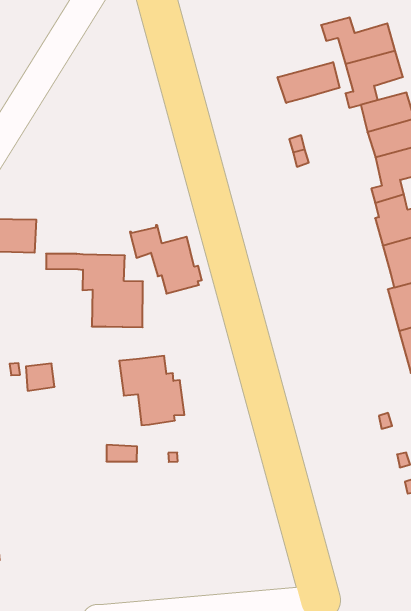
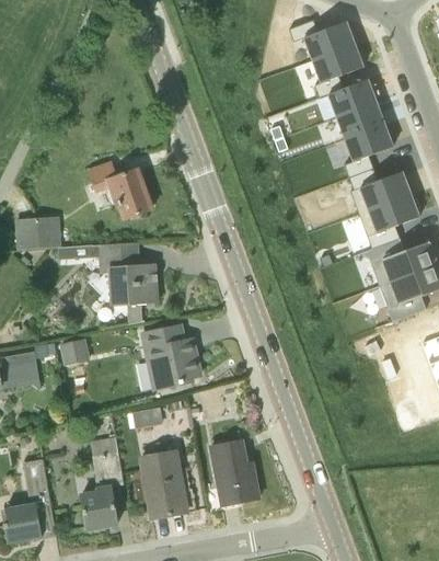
building: [278,62,340,103] -> none
building: [130,225,202,294] -> [88,161,153,219]
building: none -> [82,436,123,528]
building: none -> [209,440,258,510]
building: none -> [141,451,186,517]

